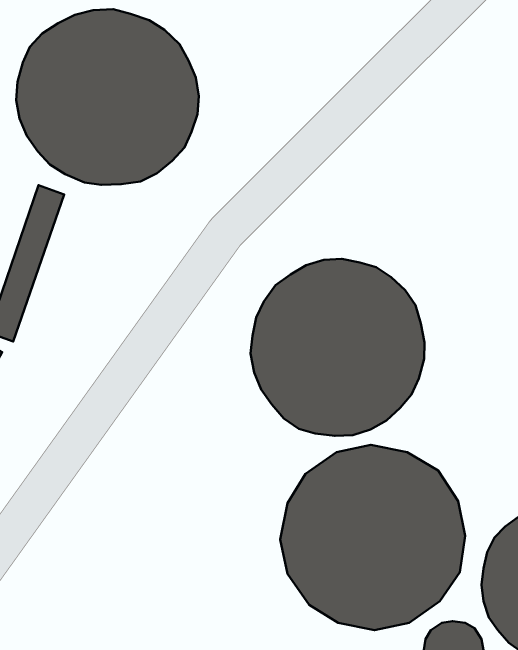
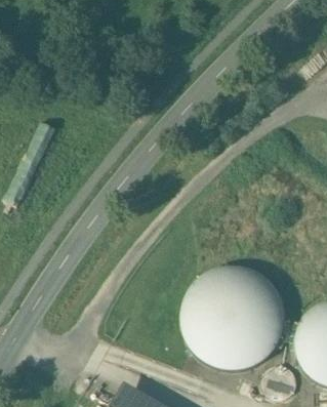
building: [16,9,199,185] -> none
building: [251,259,424,436] -> none

